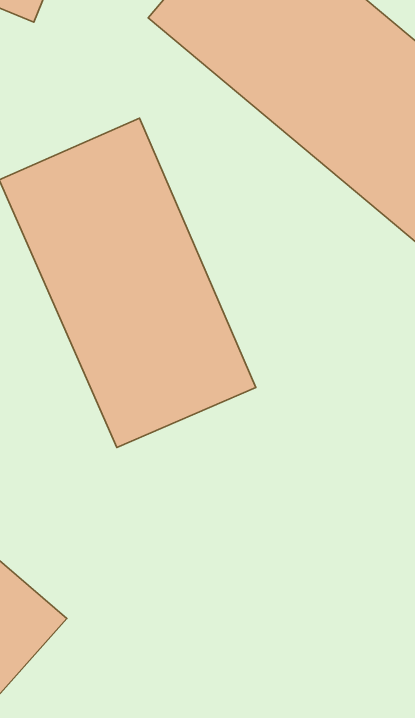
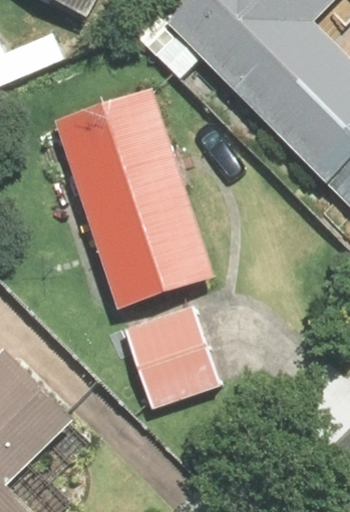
building: none -> [122,307,218,409]

